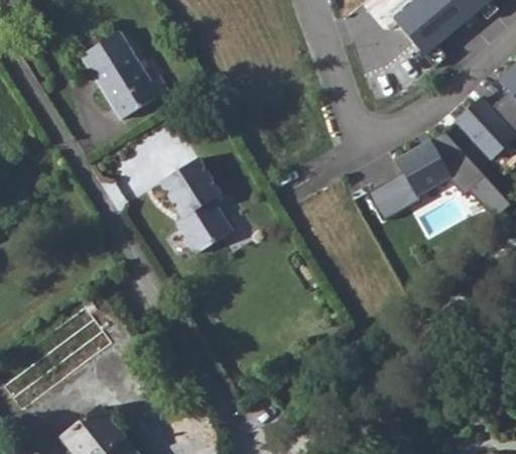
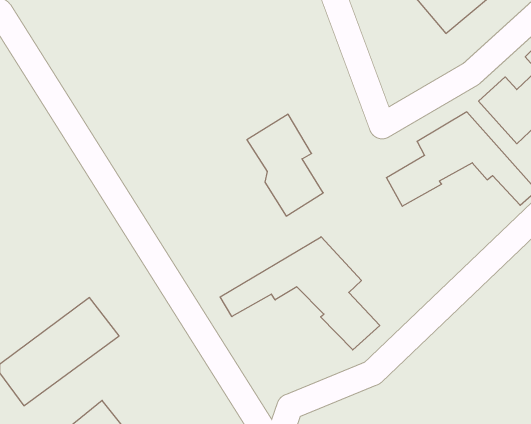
building: [82,31,168,119] -> none
building: [160,157,233,254] -> [247,114,323,216]
building: none -> [220,237,380,350]

